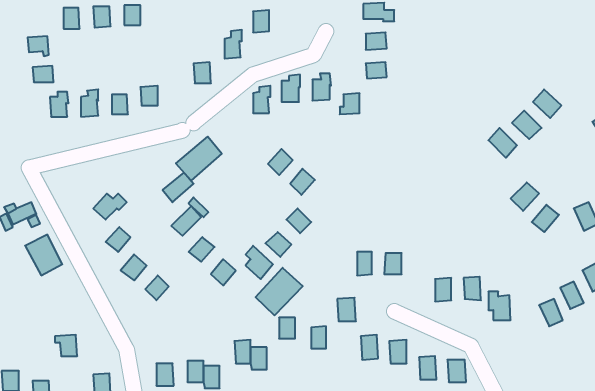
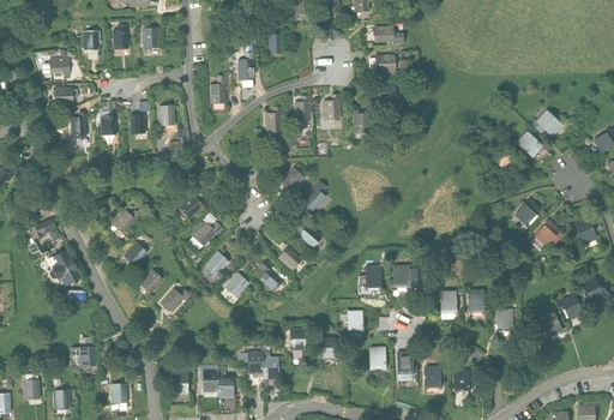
building: [176,137,222,181] -> none
building: [256,268,303,315] -> none

